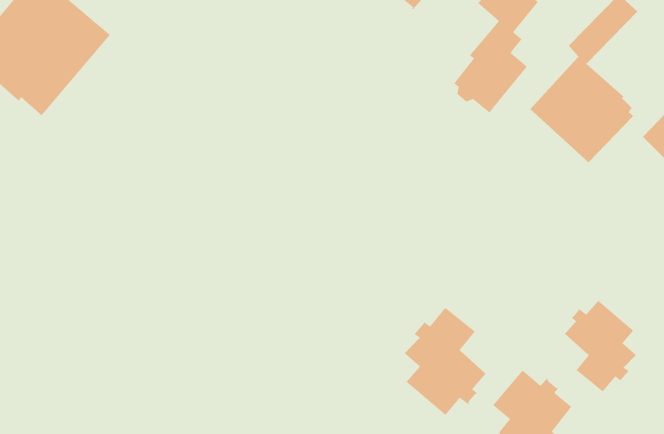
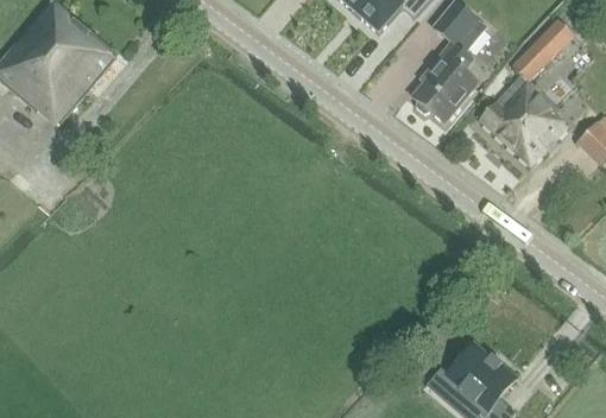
building: [564,300,637,393] -> none
building: [404,307,486,416] -> none

